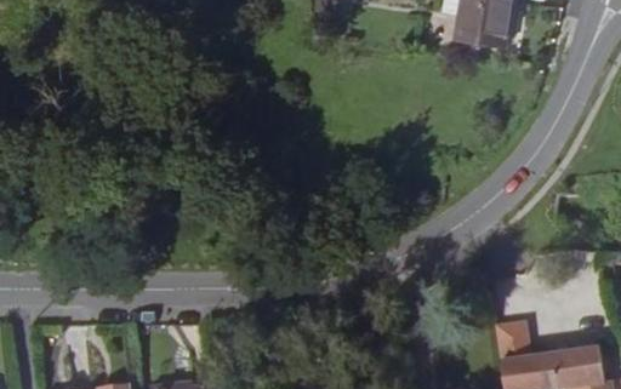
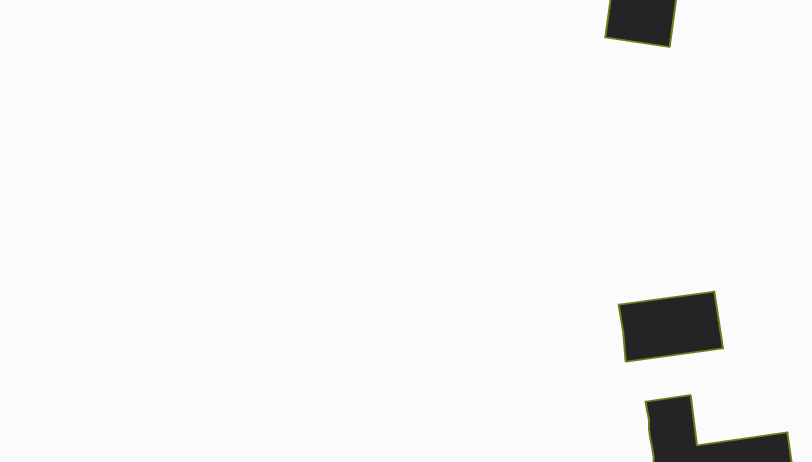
building: none -> [619,291,723,362]

